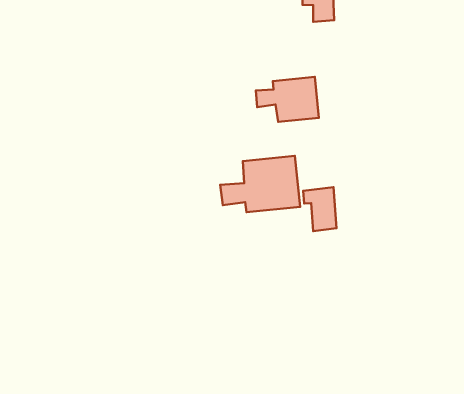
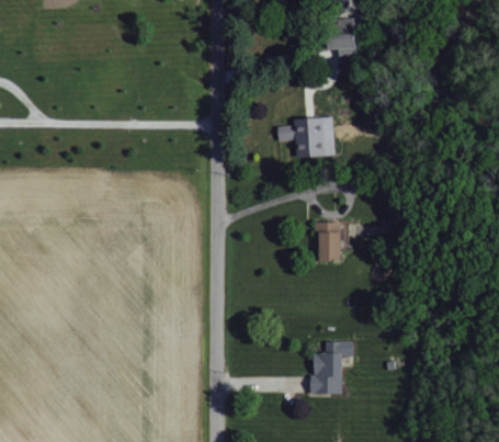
building: [220,156,300,212] -> none
building: none -> [310,342,351,394]

